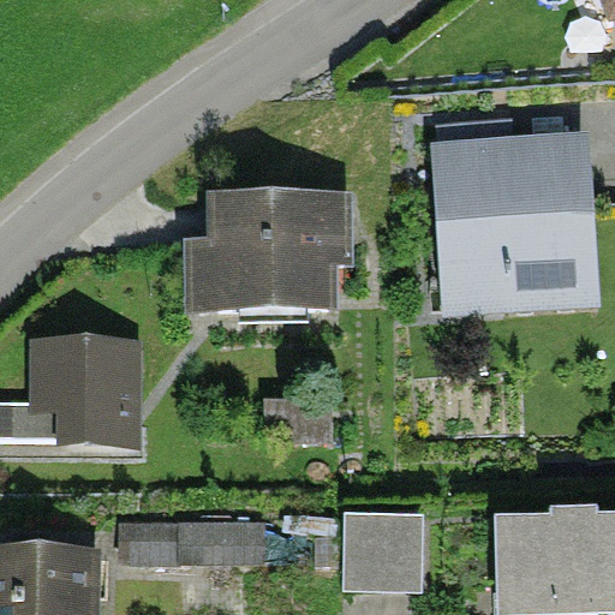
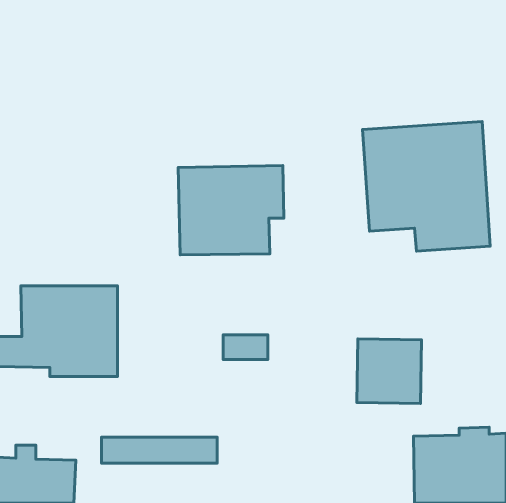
building: [342,508,420,586] -> [357,339,421,404]

